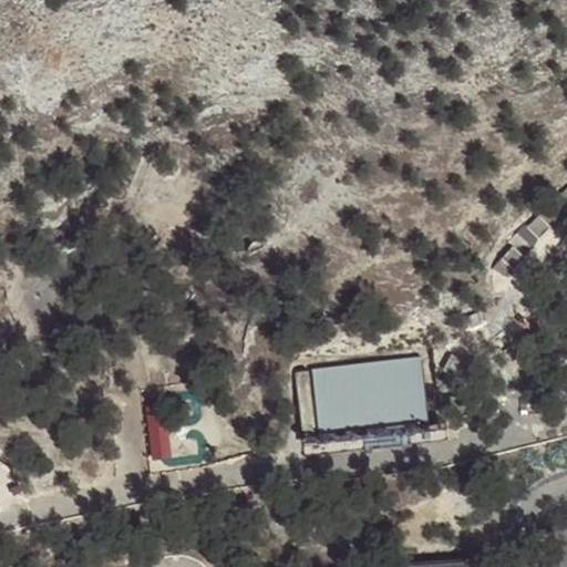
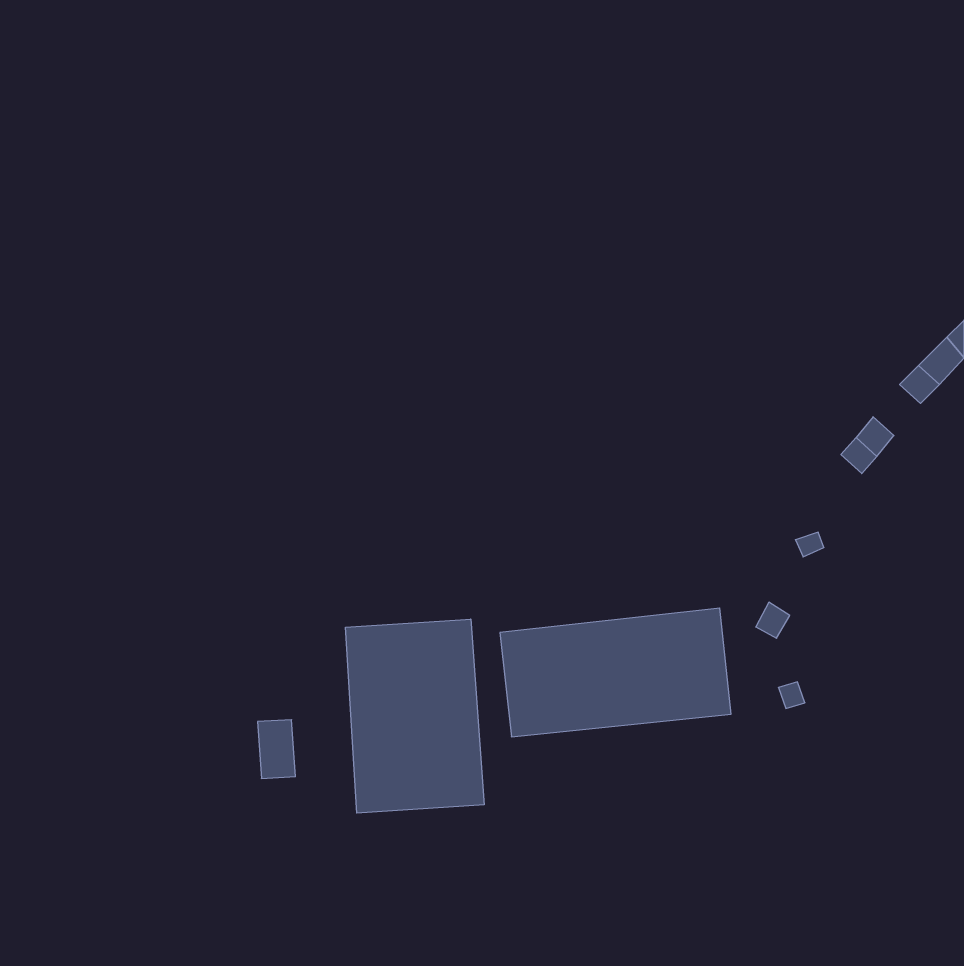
building: none -> [346,619,484,813]

